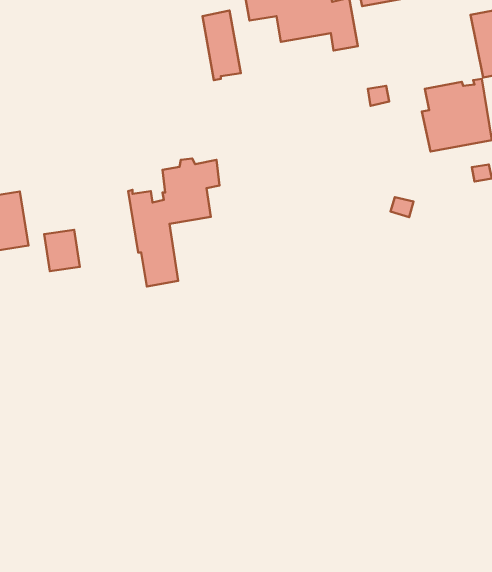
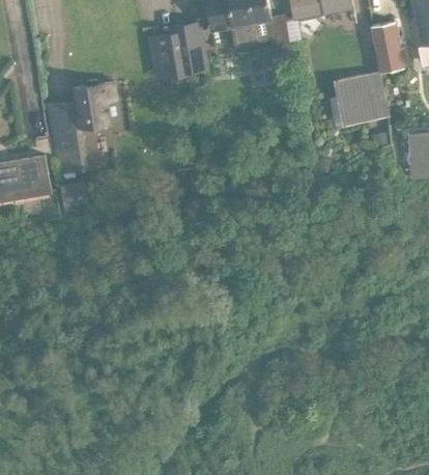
building: none -> [159,27,184,77]
building: [128,158,219,287] -> [49,80,115,173]

